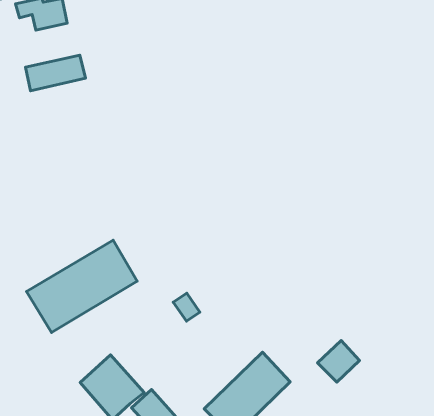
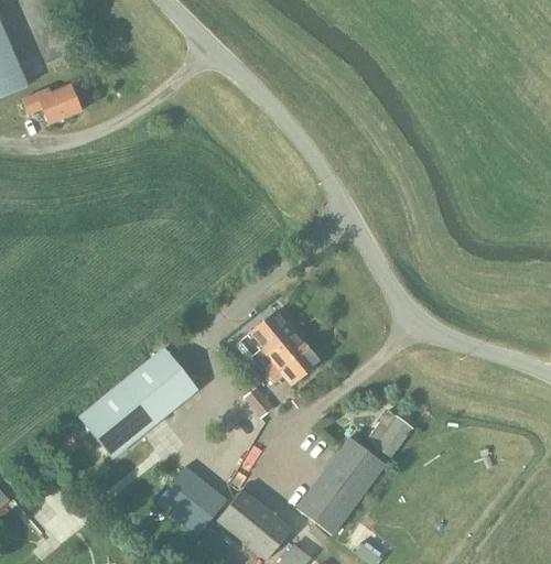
building: [25,55,85,91] -> none
building: none -> [240,311,321,386]
building: [318,340,359,382] -> [366,411,411,457]

